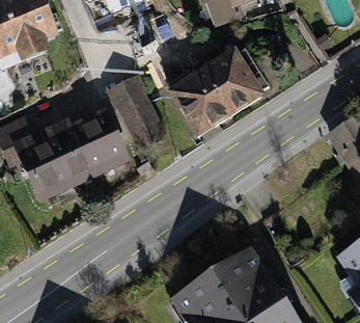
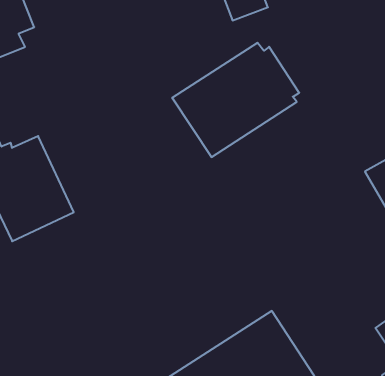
building: [111,74,172,150] -> none
building: [64,104,134,177] -> none

